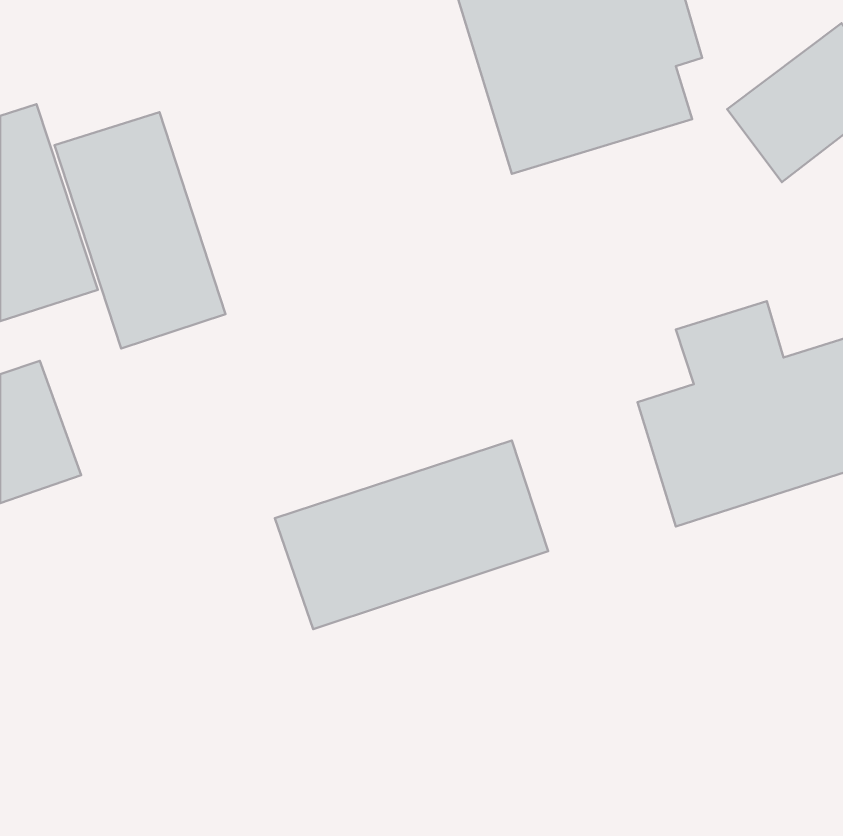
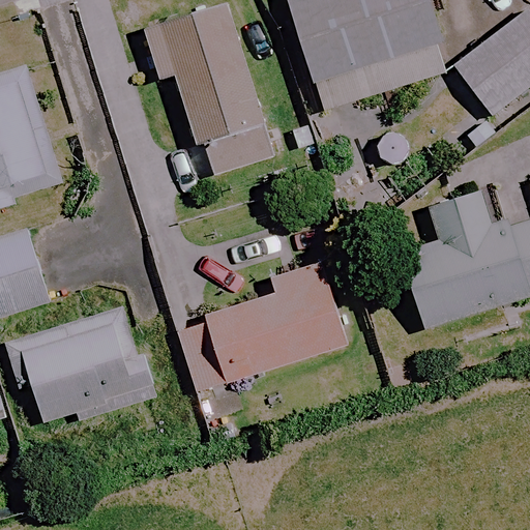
building: none -> [142,5,272,173]
building: [54,112,226,349] -> none
building: none -> [9,307,159,420]

